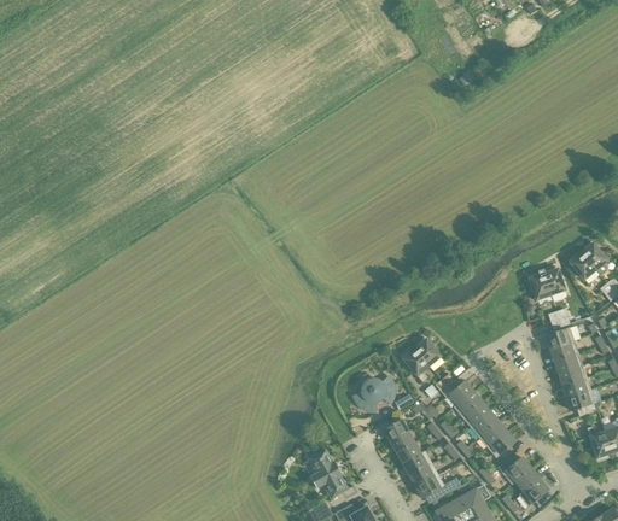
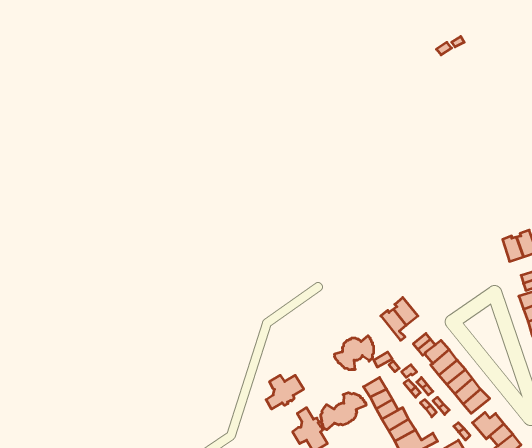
building: none -> [266,375,304,409]
building: none -> [321,393,366,430]

